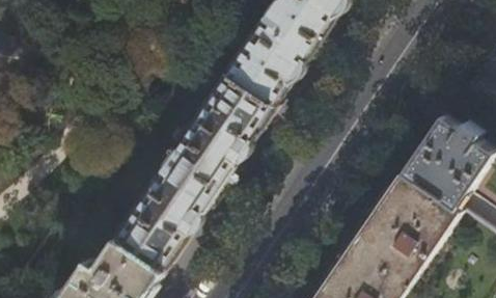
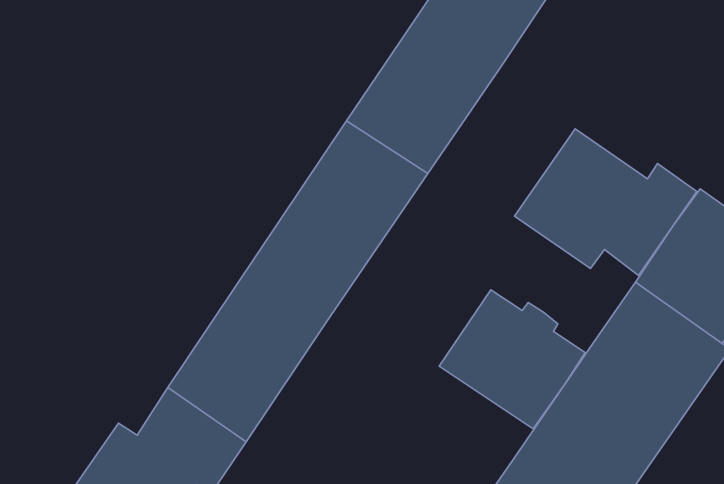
building: none -> [514,129,697,276]
building: none -> [439,290,585,429]

